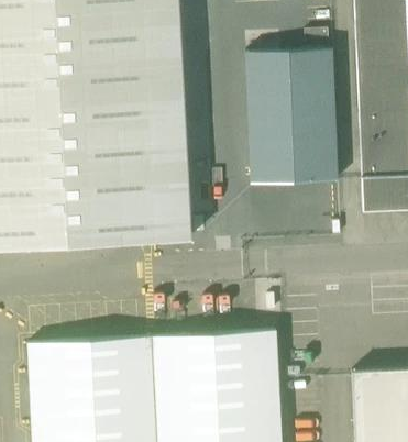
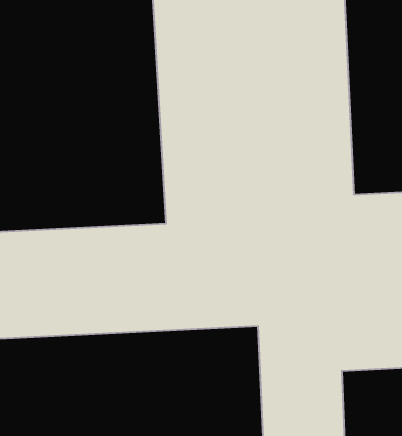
building: [245,48,337,184] -> none

